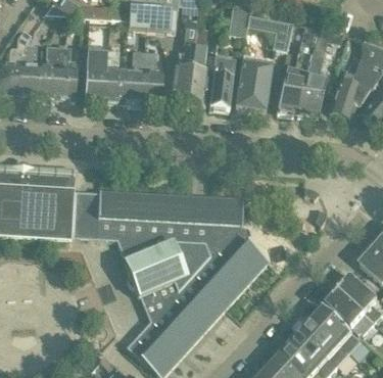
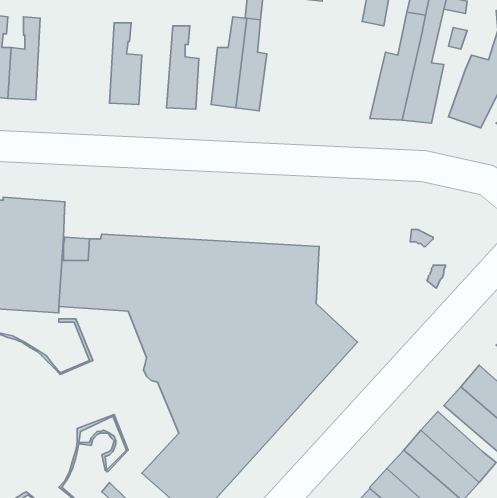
building: [55,45,78,100] -> none
building: [85,47,107,101] -> none
building: [124,49,146,104] -> none
building: [208,53,235,108] -> none
building: [235,54,273,110] -> none

